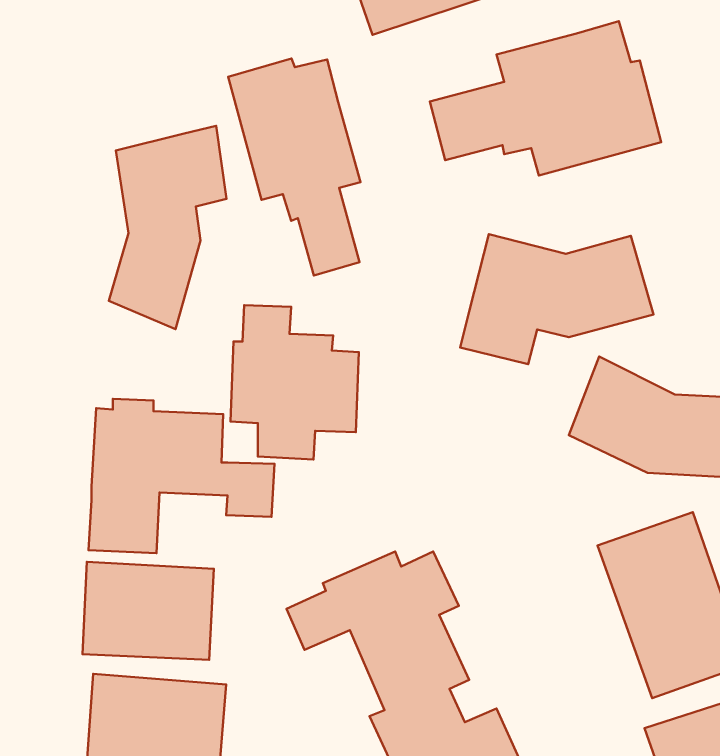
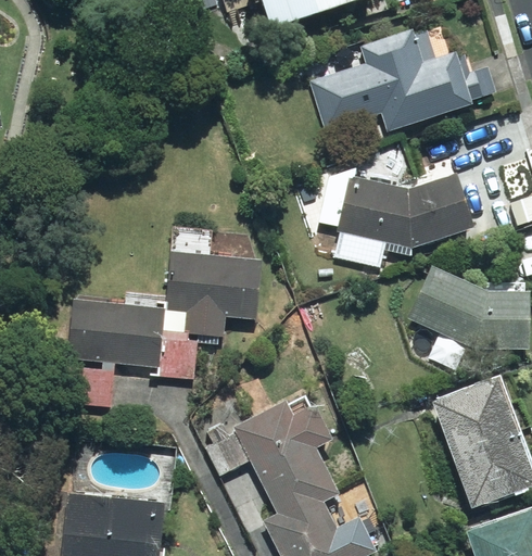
building: [228,59,361,275] -> none
building: [109,126,226,329] -> none
building: [82,562,214,660] -> none

